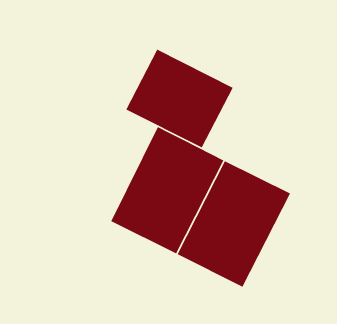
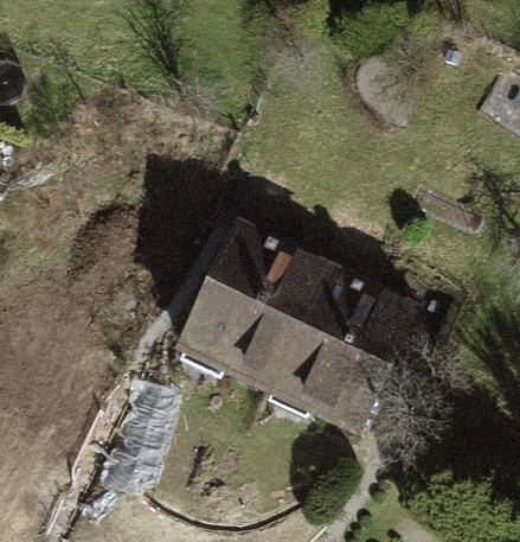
building: [125,48,234,149] -> none

